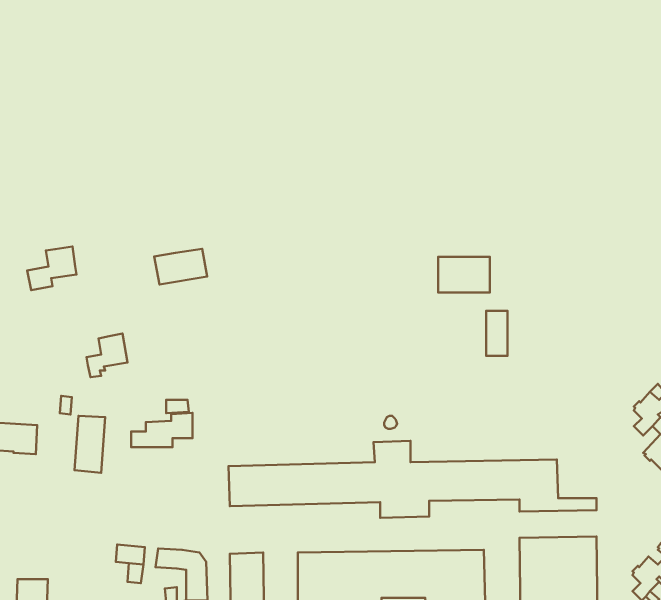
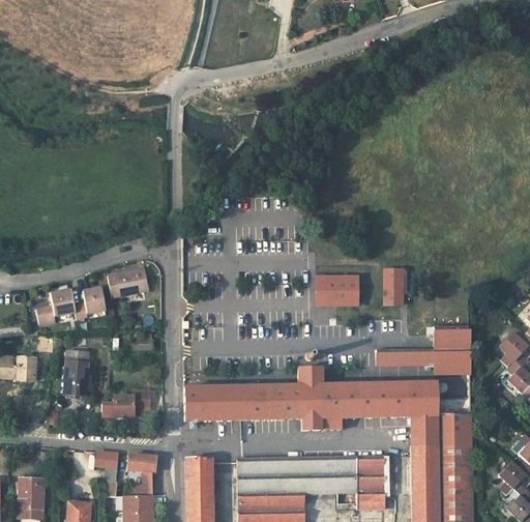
building: [27,246,76,290] -> [36,289,75,323]
building: [154,249,207,285] -> [108,267,149,295]
building: [438,257,490,293] -> [317,276,357,303]
building: none -> [381,331,470,374]
building: [131,413,192,447] -> [102,388,150,415]
building: none -> [411,424,471,445]

